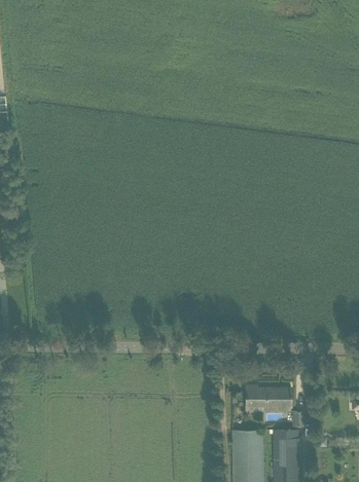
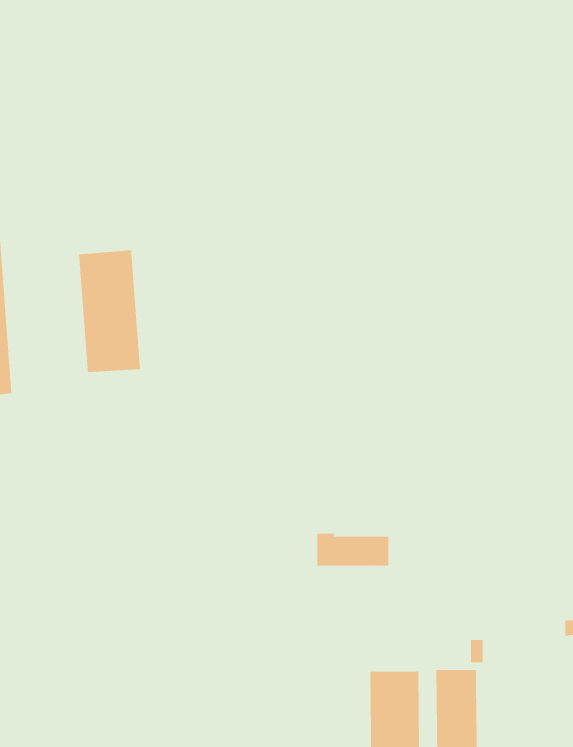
building: none -> [78,249,141,373]
building: [245,386,290,407] -> [316,533,389,566]

